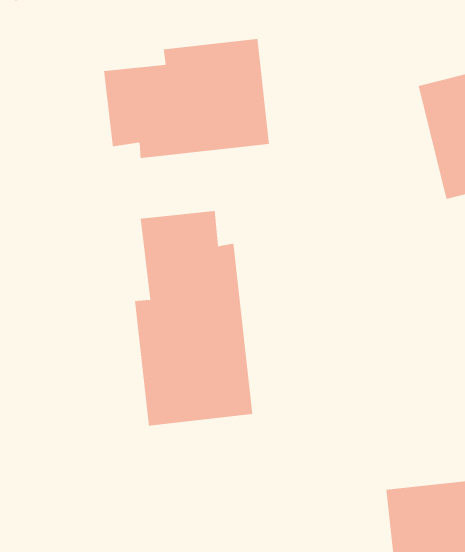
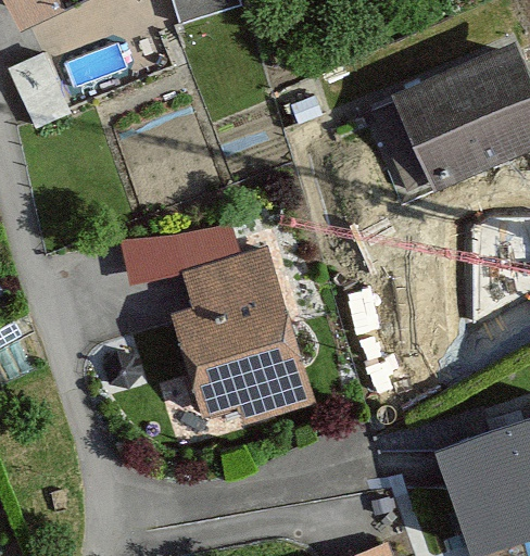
building: [104,38,269,159] -> none

